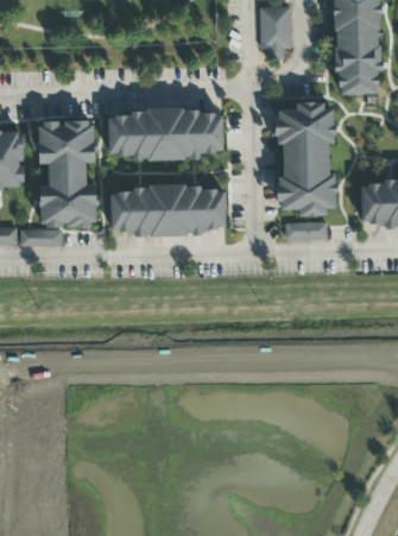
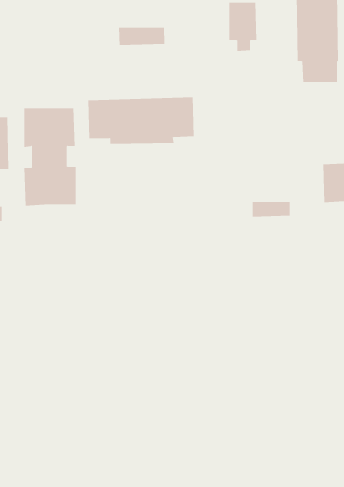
building: none -> [119,27,165,46]
building: [273,100,340,217] -> none
building: [110,187,226,234] -> none
building: [20,228,62,246] -> none

